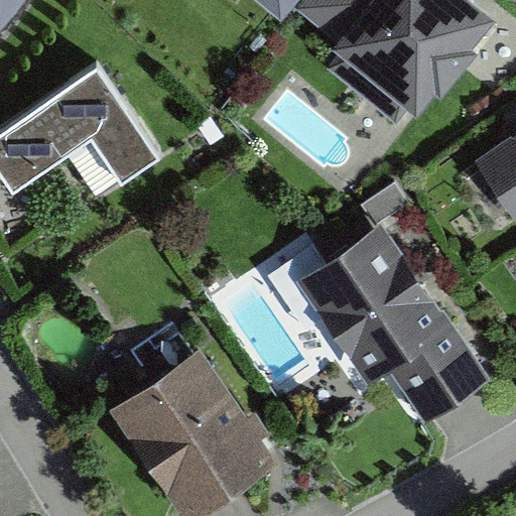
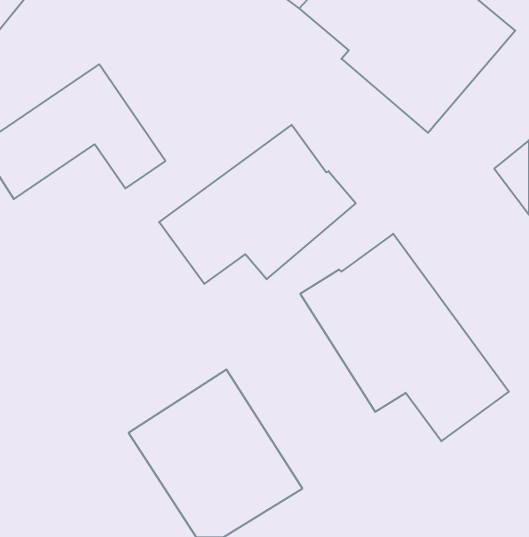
building: none -> [159,125,356,284]

